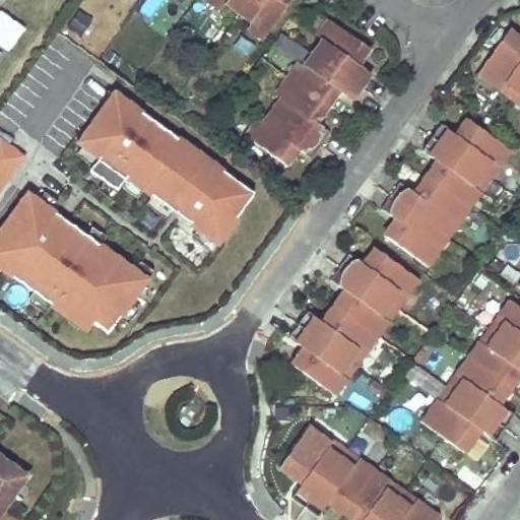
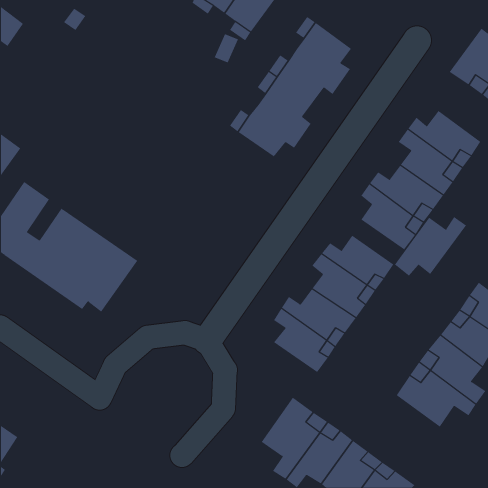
building: [76,93,252,242] -> none
building: none -> [394,216,467,276]

